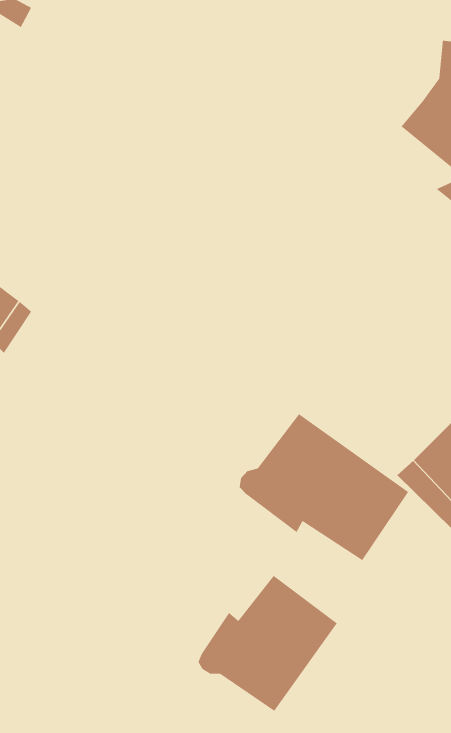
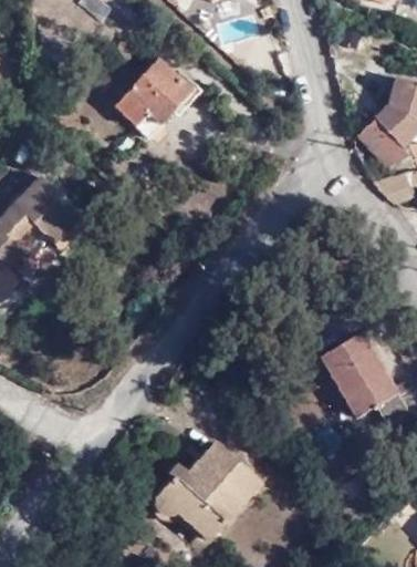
building: none -> [106,60,189,142]
building: [239,413,409,561] -> none

